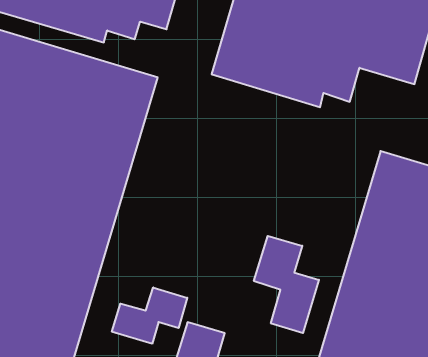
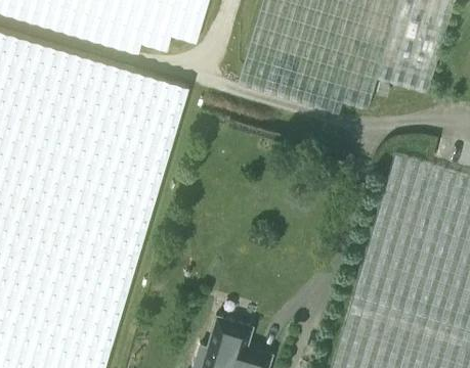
building: [254,236,319,333] -> none
building: [112,287,187,344] -> none

